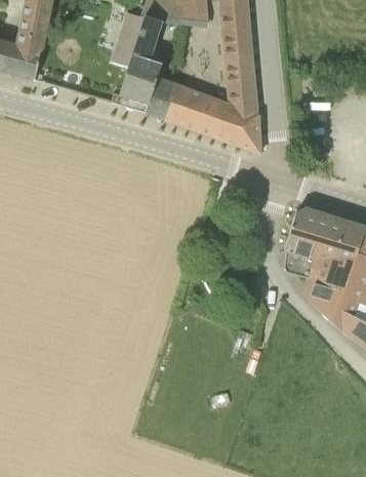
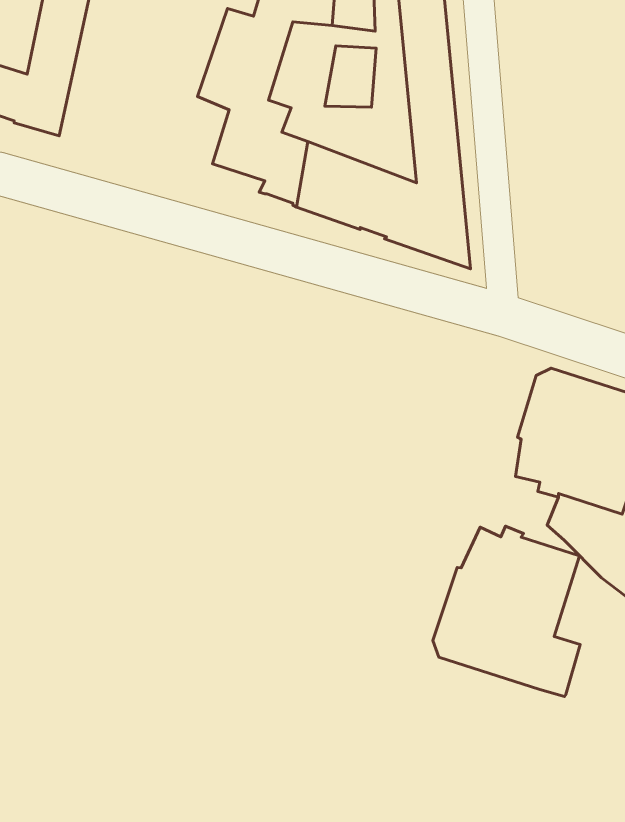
building: none -> [325,46,376,107]
building: none -> [433,526,580,696]

